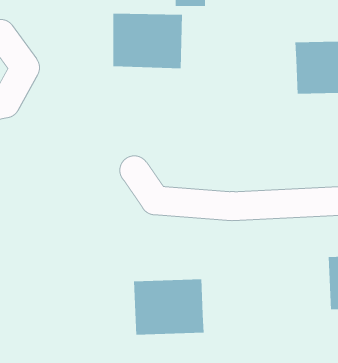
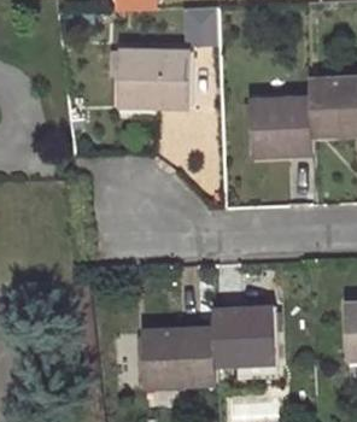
building: none -> [248,98,312,156]
building: none -> [211,306,275,364]

